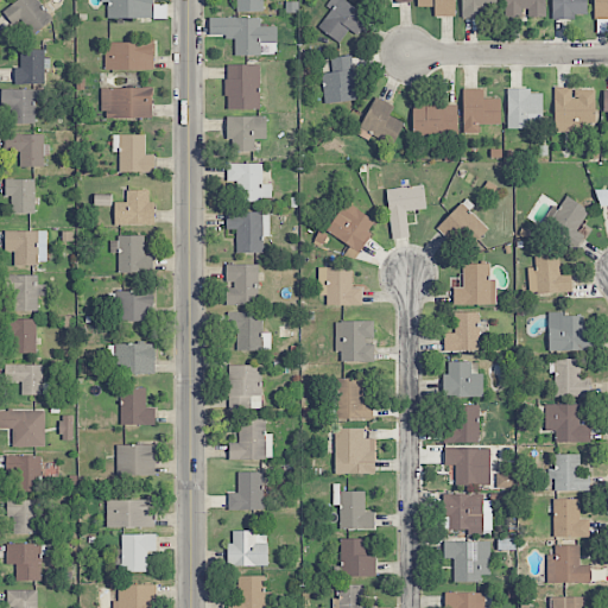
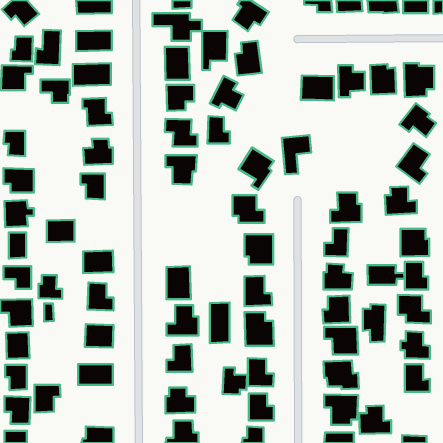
building: none -> [35,30,61,65]
building: none -> [202,31,227,70]
building: [356,96,403,144] -> [210,76,244,111]
building: [5,134,45,166] -> [40,79,70,103]
building: none -> [399,103,436,137]
building: none -> [208,116,230,143]
building: [437,202,489,248] -> none
building: [226,264,258,305] -> none
building: [115,291,153,322] -> [47,220,74,242]
building: [228,312,271,352] -> none
building: none -> [368,265,404,285]
building: none -> [38,275,62,299]
building: none -> [210,302,230,343]
building: none -> [363,304,386,342]
building: none -> [223,367,247,394]
building: [121,534,157,572] -> [35,385,61,412]
building: [546,544,590,583] -> [359,405,391,434]

